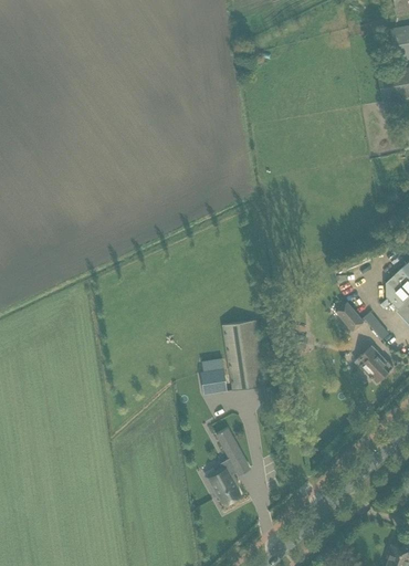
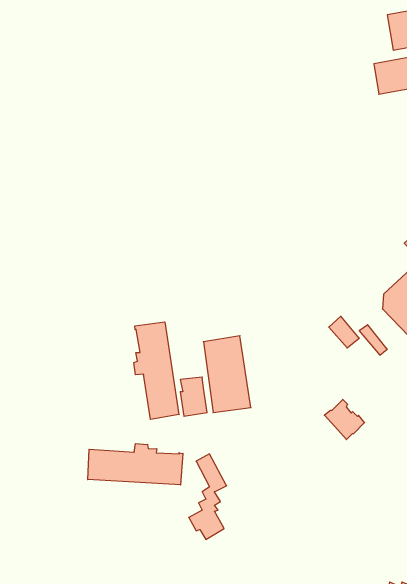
building: none -> [134,322,179,419]
building: [356,345,392,381] -> [324,399,365,440]
building: none -> [88,444,183,485]

